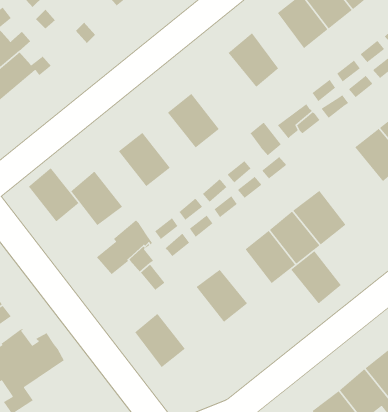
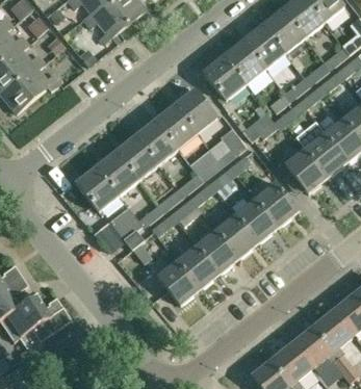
building: none -> [222,41,263,85]
building: none -> [173,89,215,134]
building: none -> [133,121,176,165]
building: none -> [284,149,327,192]
building: [28,167,79,223] -> [95,152,136,197]
building: [290,250,342,304] -> [196,231,237,275]
building: [134,313,186,368] -> [157,261,199,306]

